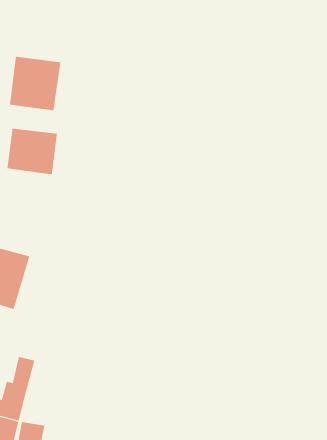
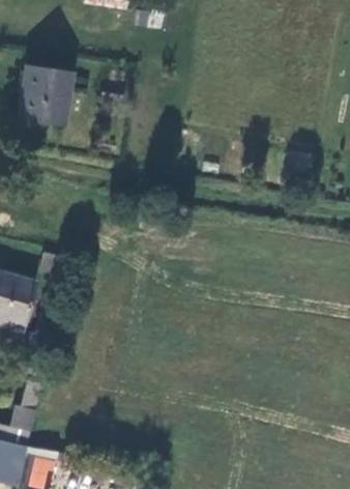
building: [7,128,58,175] -> none

